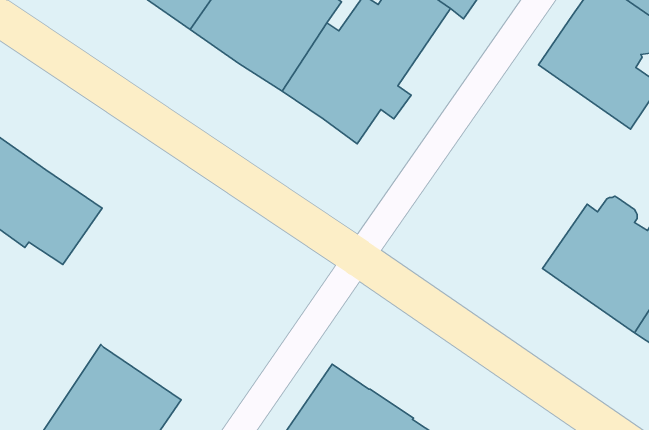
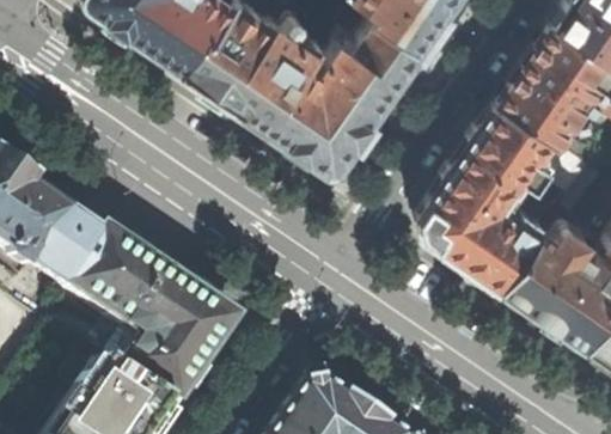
building: none -> [422,99,595,285]
building: none -> [65,230,234,404]

